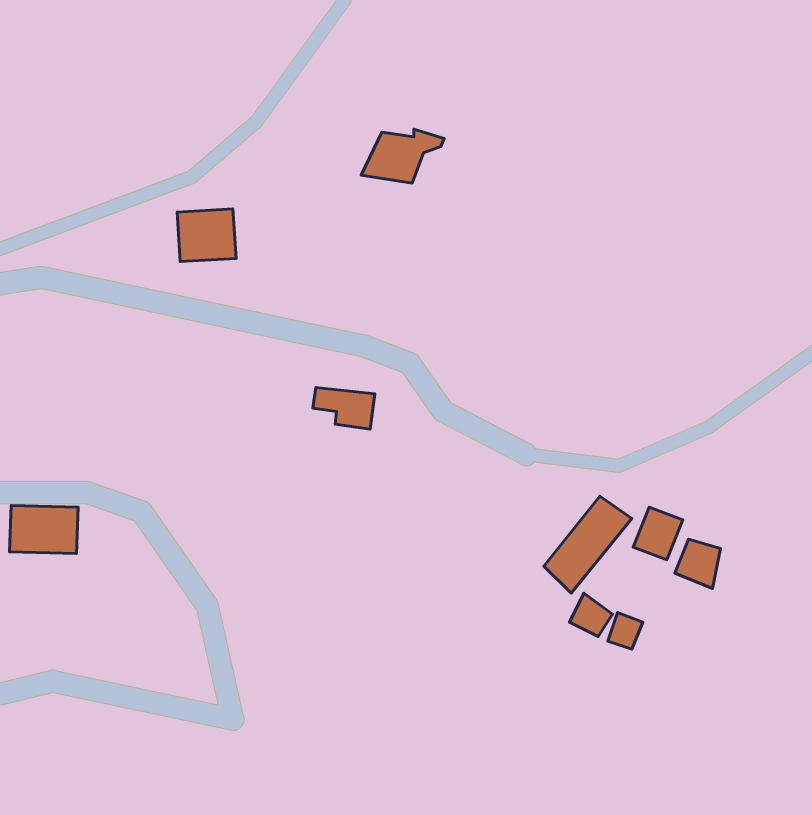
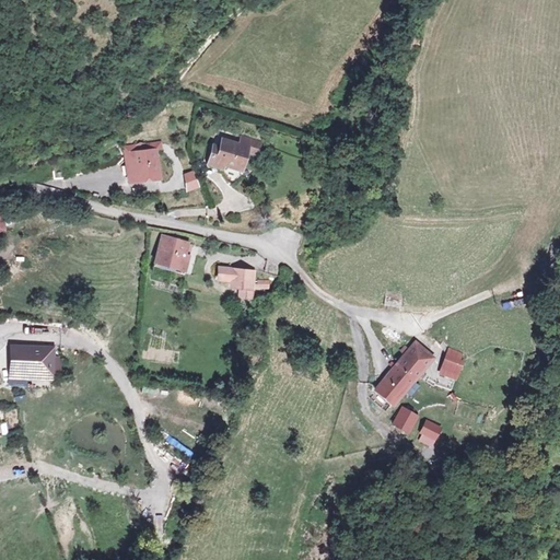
building: [361,129,444,183] -> [206,136,262,173]
building: none -> [150,235,195,275]
building: [675,539,721,588] -> none

